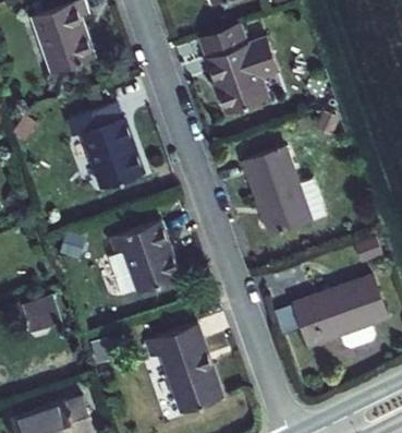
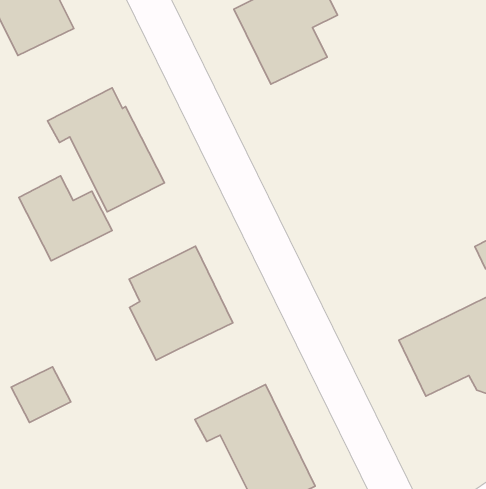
building: [242,146,325,236] -> none
building: none -> [19,176,112,261]

